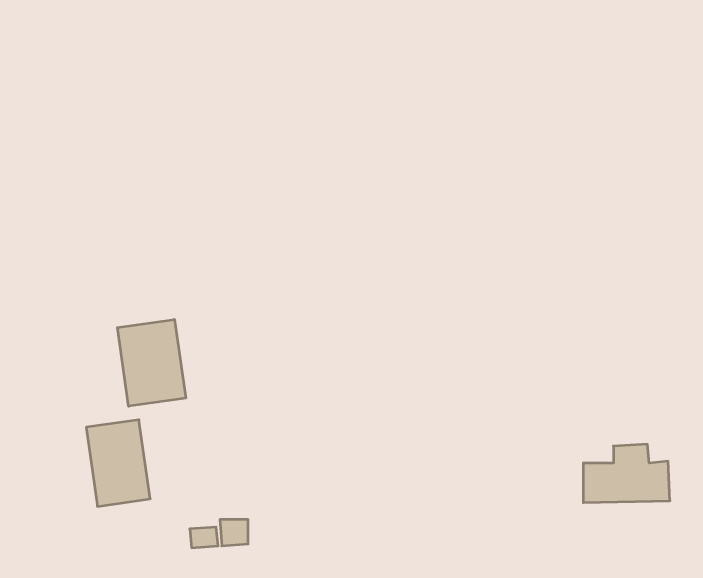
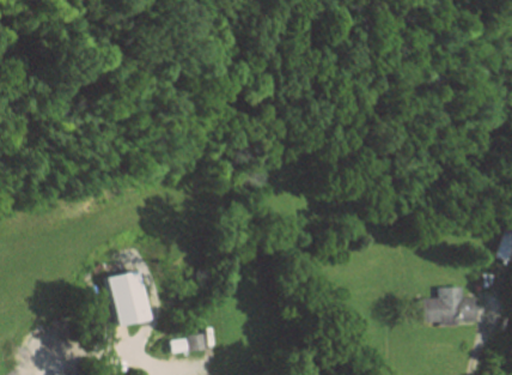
building: [117,319,186,406] -> none

